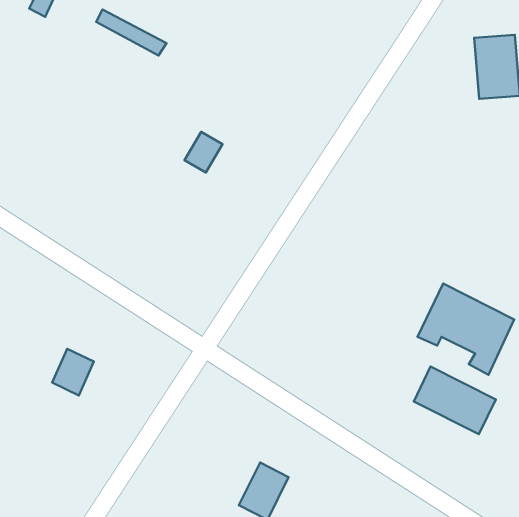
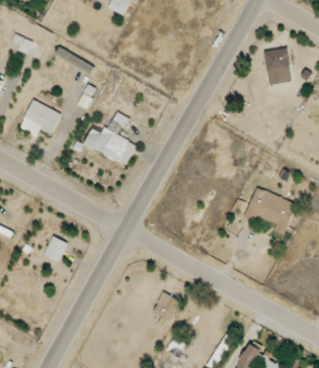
building: none -> [19,100,61,136]
building: none -> [84,128,136,166]
building: [414,367,496,434] -> none

